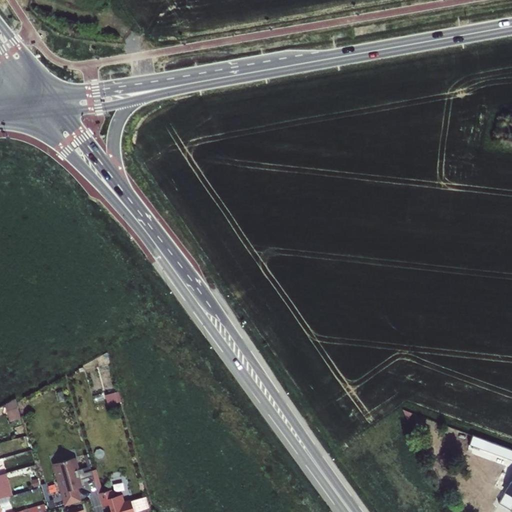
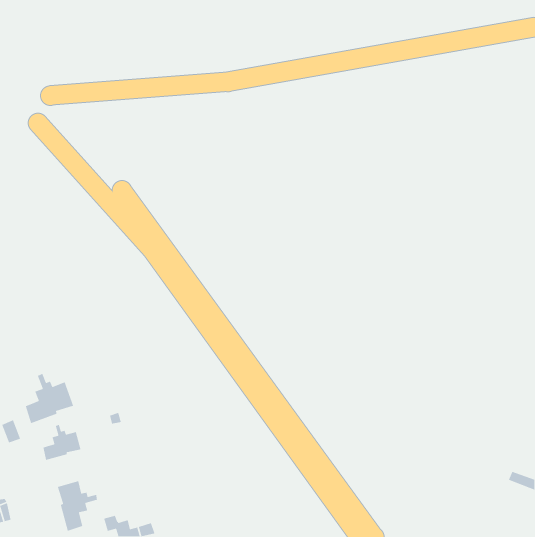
building: none -> [25,373,74,424]
building: none -> [42,424,81,461]

